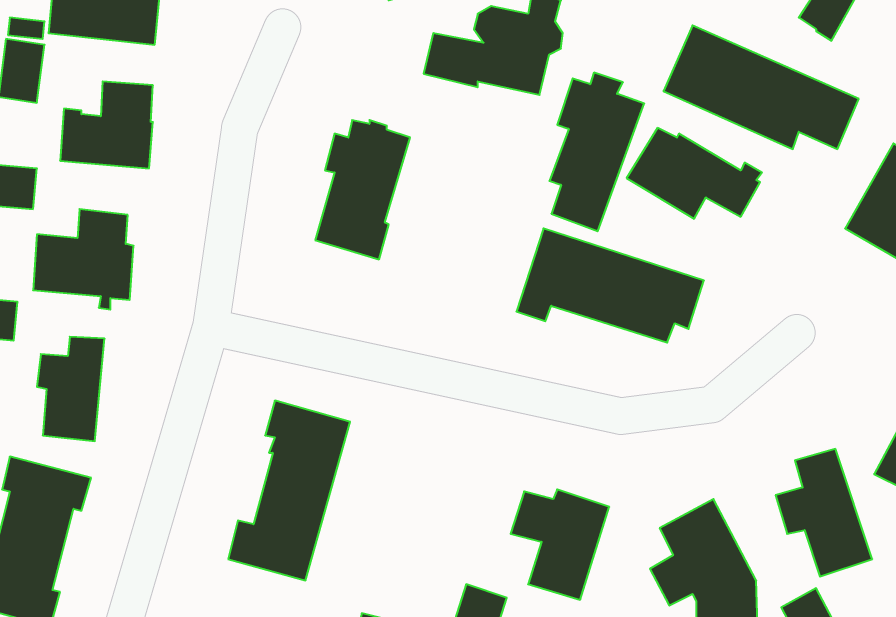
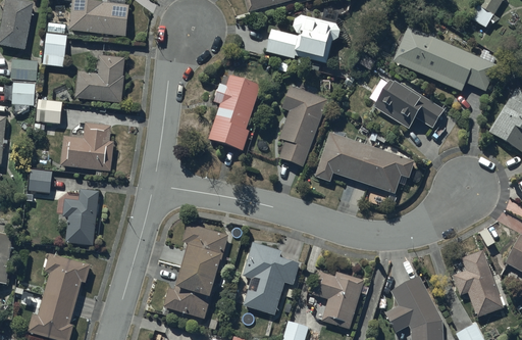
building: [549,73,644,231] -> [278,82,328,165]
building: none -> [244,242,299,314]

